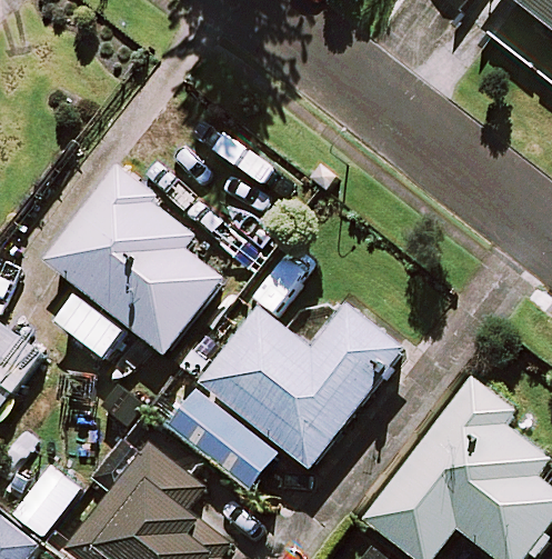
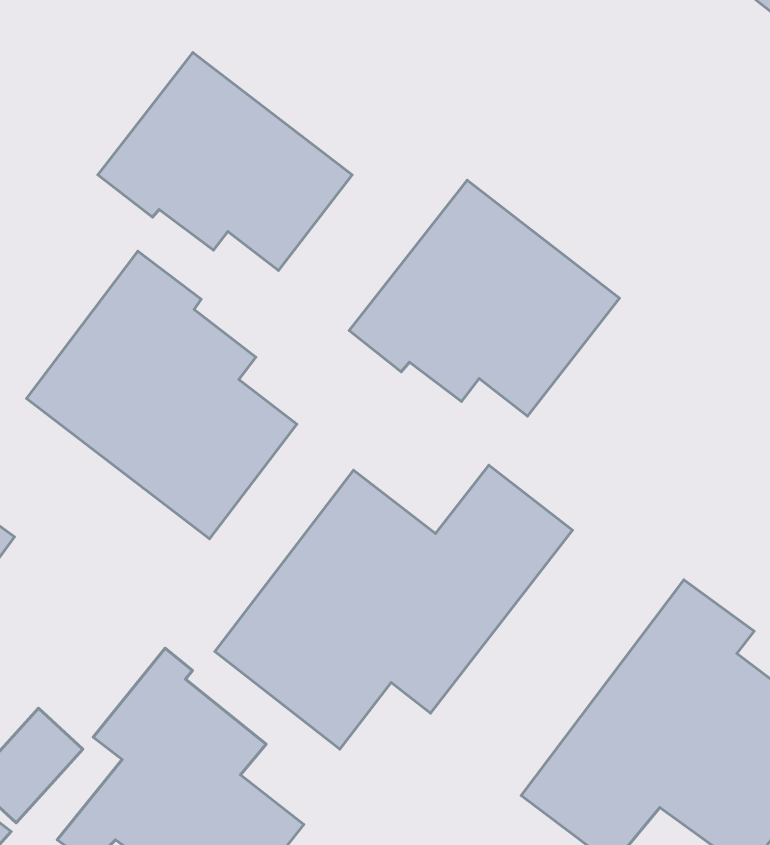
building: none -> [98,53,352,270]
building: none -> [349,180,620,416]

